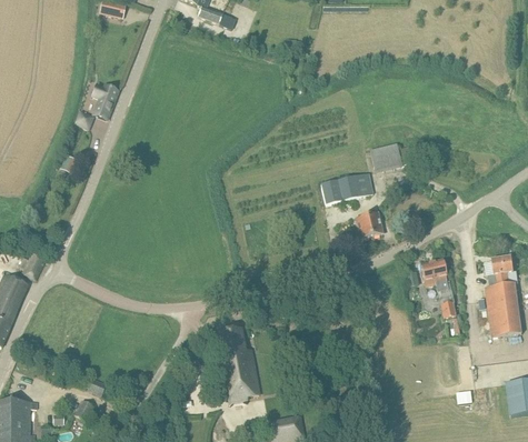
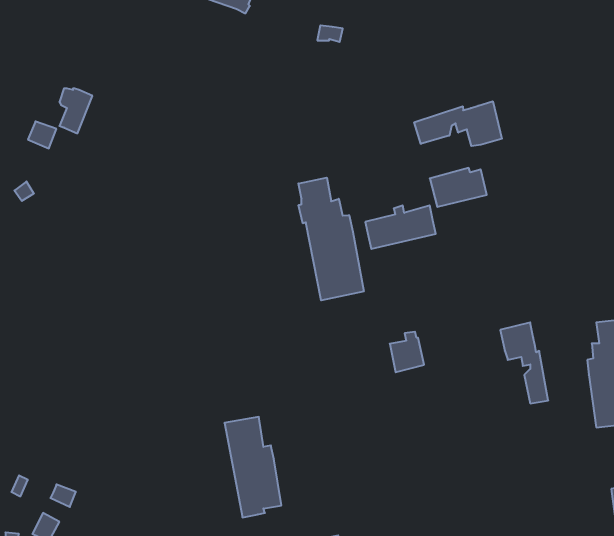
building: none -> [414,101,502,146]
building: none -> [298,178,364,300]
building: [357,208,382,238] -> [390,332,424,372]

